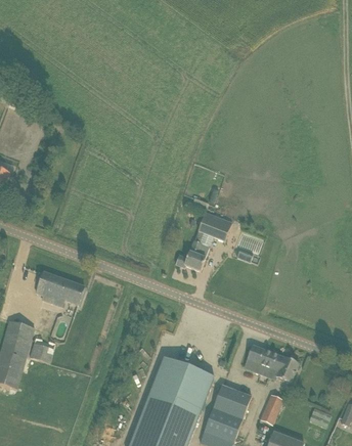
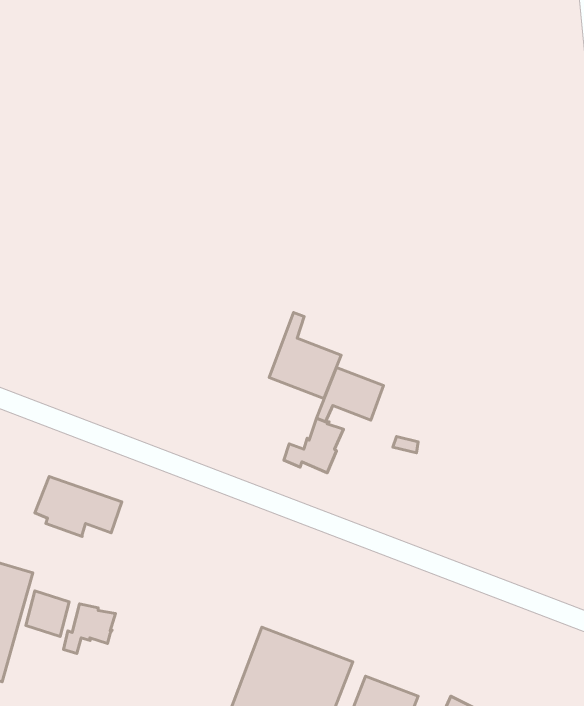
building: none -> [269,313,341,398]
building: none -> [64,604,116,654]
building: [245,344,299,381] -> none

